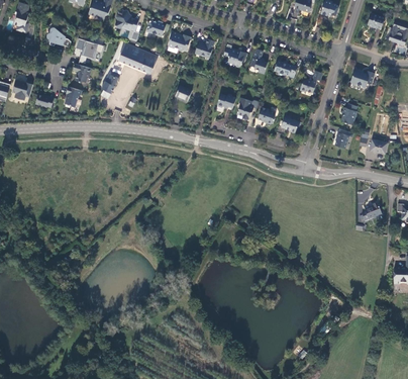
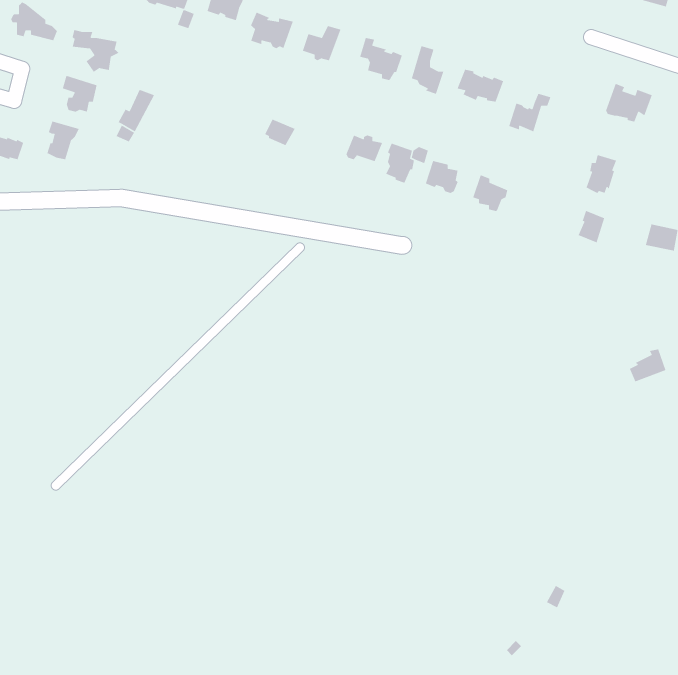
building: [118,43,159,74] -> none

